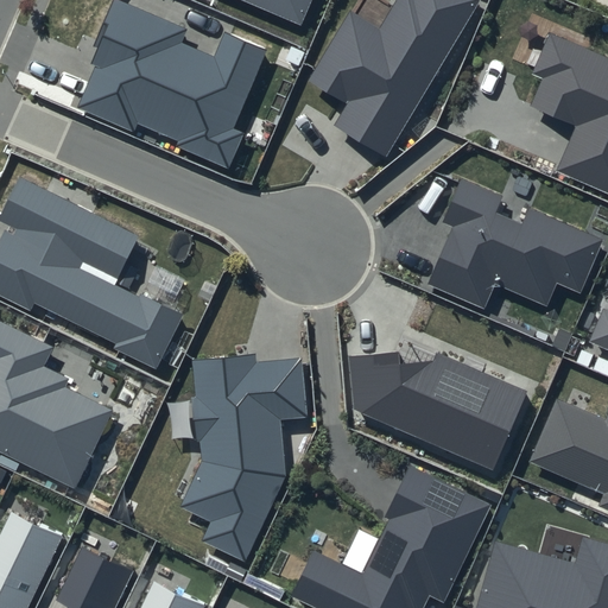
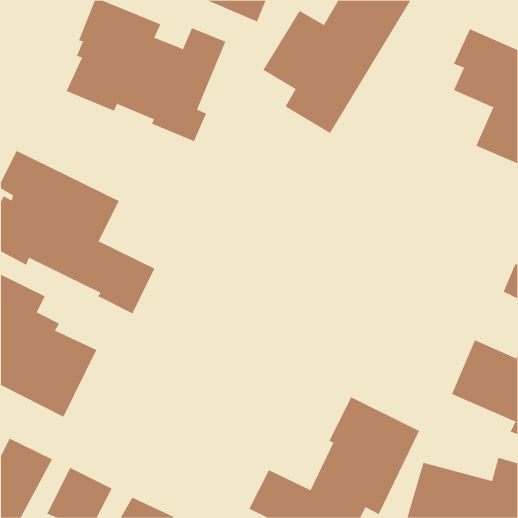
building: [428,178,602,309] -> none
building: [349,350,527,471] -> none
building: [179,354,306,562] -> none

